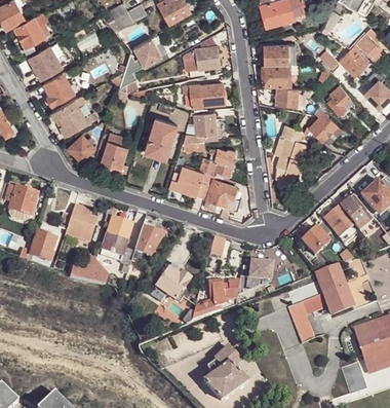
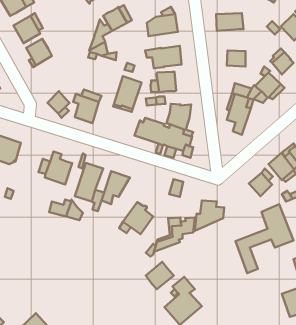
building: [265,63,290,85] -> none
building: [51,97,93,137] -> none
building: [31,232,56,259] -> none
building: none -> [146,262,174,289]

